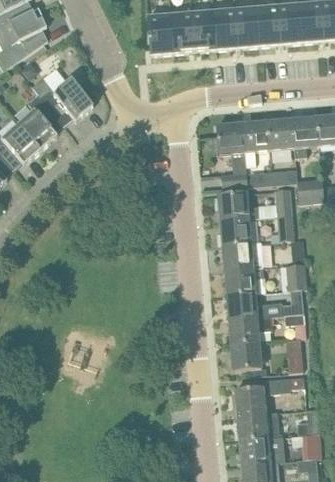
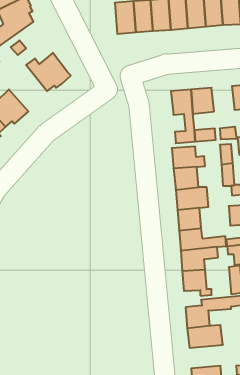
building: [17,92,64,149] -> none
building: [266,118,294,149] -> none
building: [239,435,282,464] -> none

